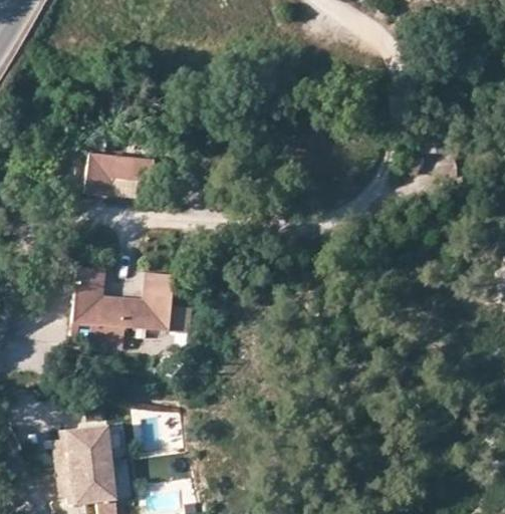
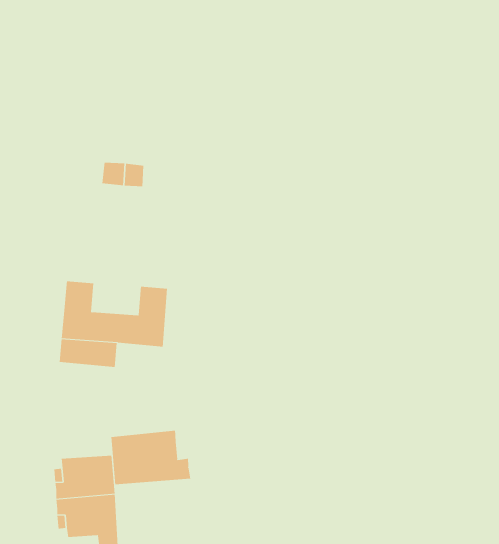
building: [84,153,111,195] -> none
building: none -> [111,430,191,485]

